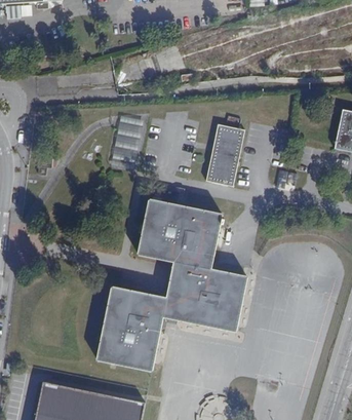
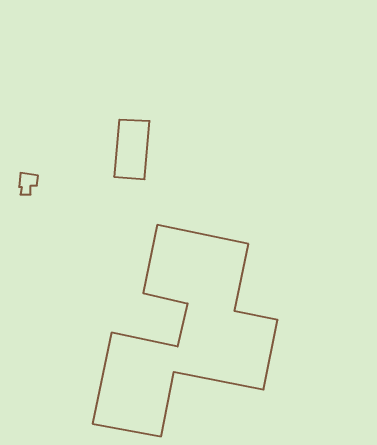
building: [205,123,244,186] -> none

